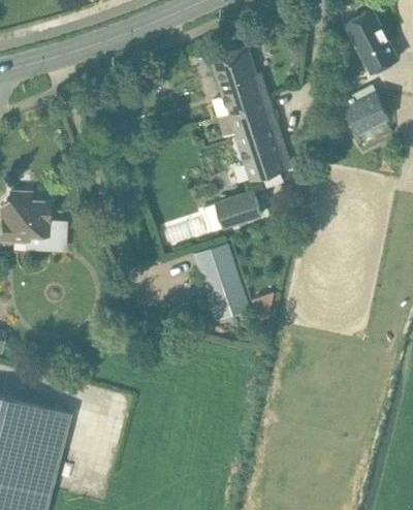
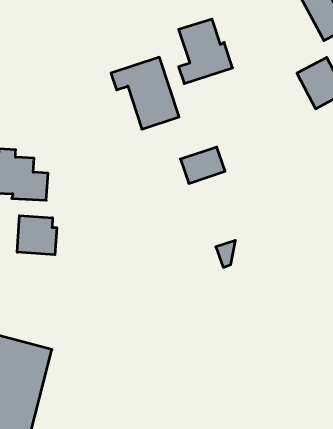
building: [218,102,293,182] -> [111,57,179,129]
building: [194,244,251,322] -> none
building: none -> [17,216,57,255]

